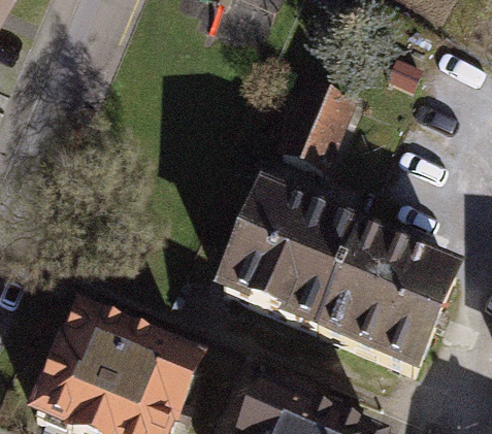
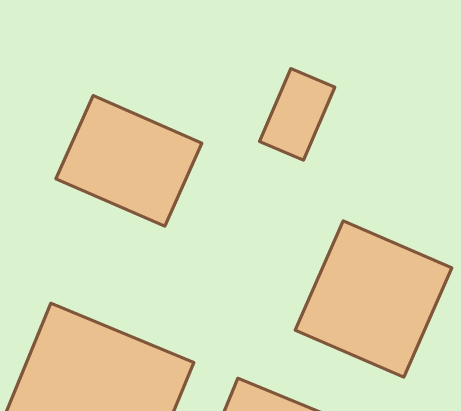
building: none -> [56,95,202,226]
building: [207,179,362,334] -> none

